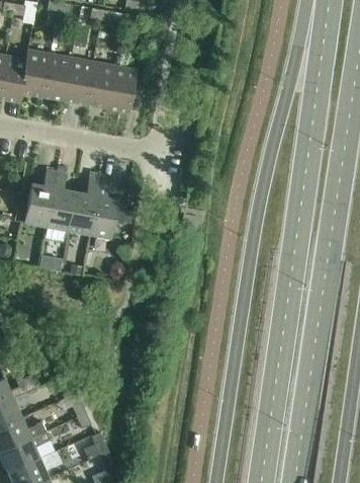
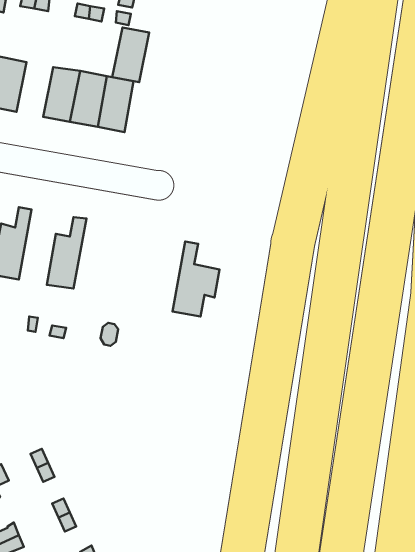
building: [42,54,72,97] -> [112,27,149,82]
building: [44,171,74,231] -> none
building: [88,178,125,238] -> [173,241,220,316]

